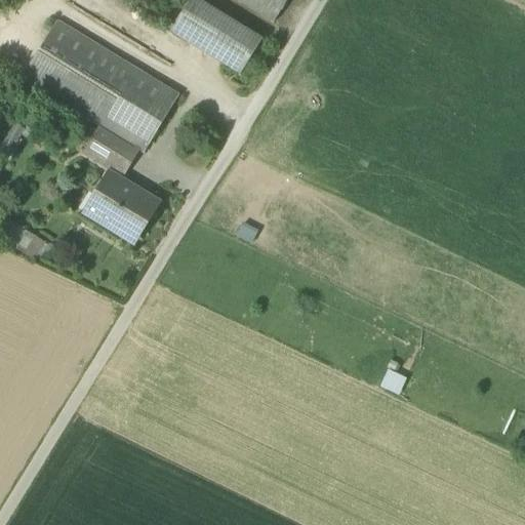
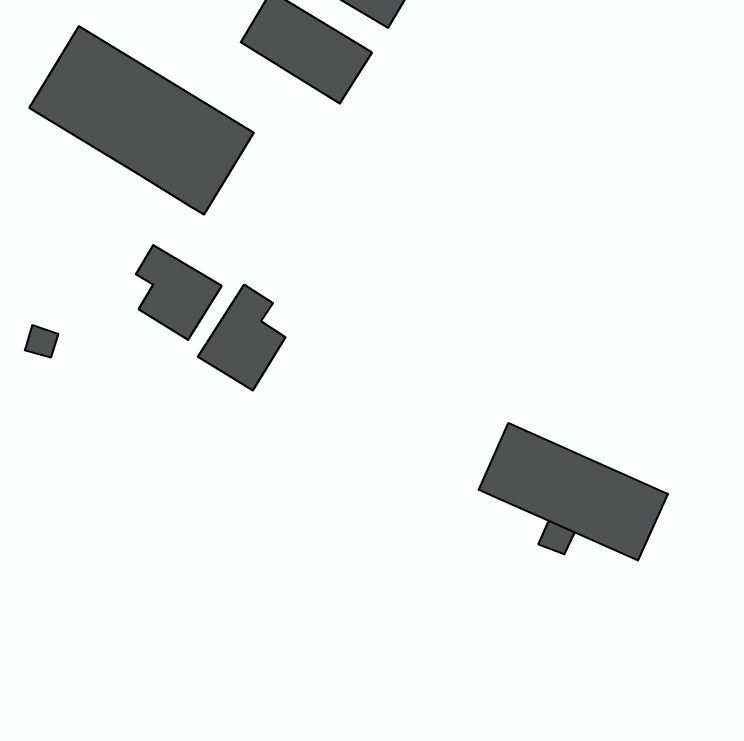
building: [83,123,134,171] -> none
building: none -> [198,285,286,391]
building: none -> [479,423,668,561]

